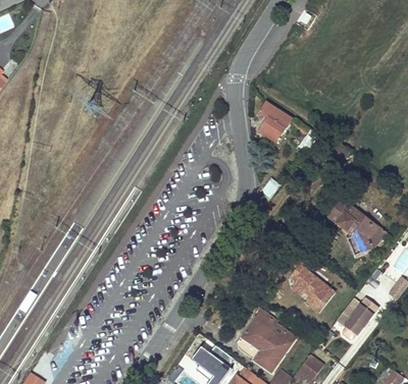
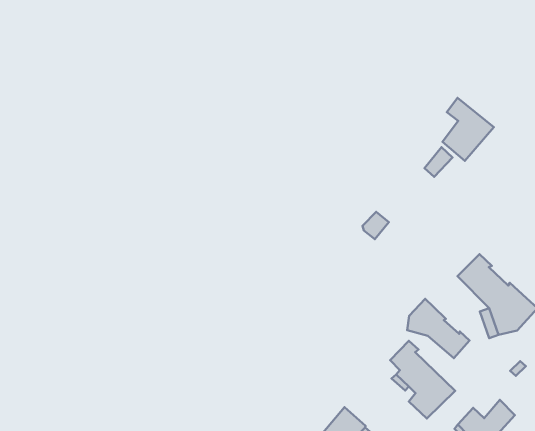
building: [259,101,293,143] -> [442,98,494,161]
building: none -> [407,299,469,358]

